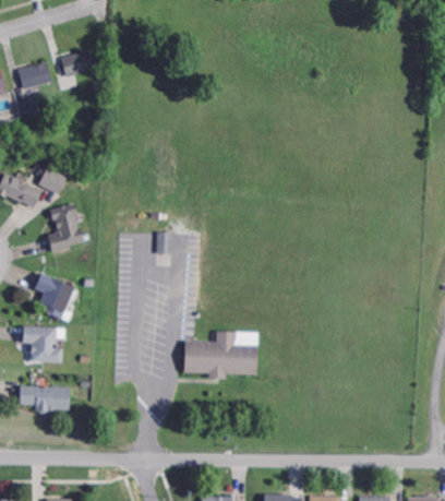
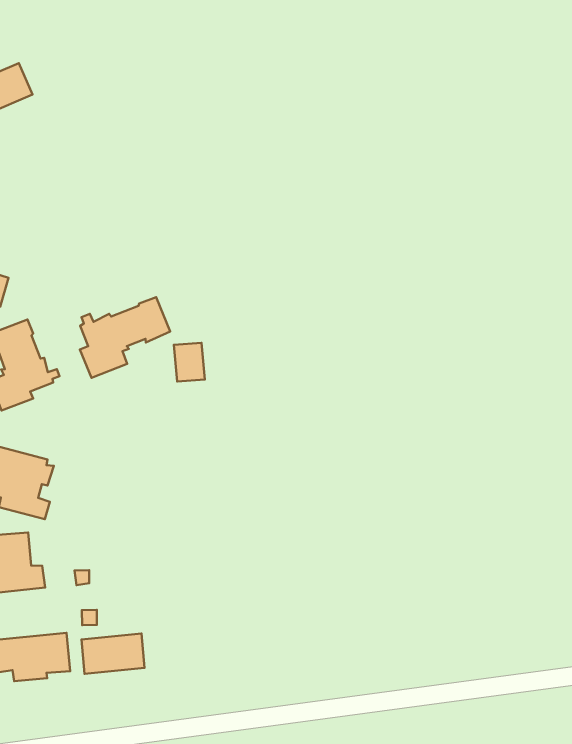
building: none -> [80,297,170,378]
building: [183,329,257,377] -> none
building: none -> [81,634,145,674]

